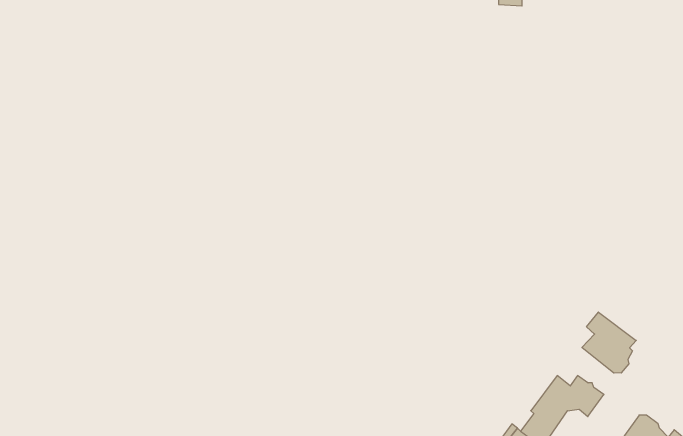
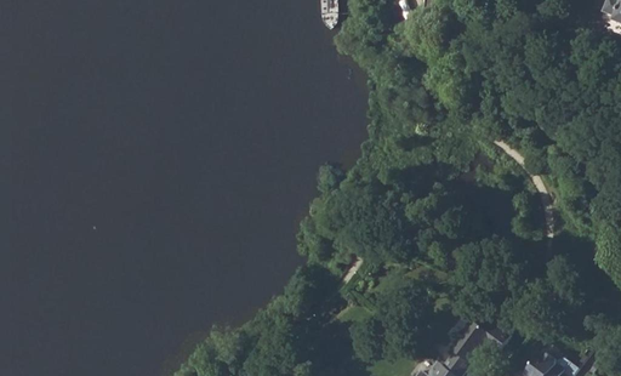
building: [582,312,636,373] -> none

